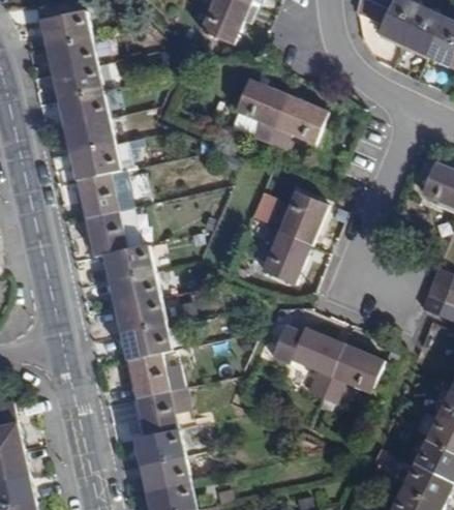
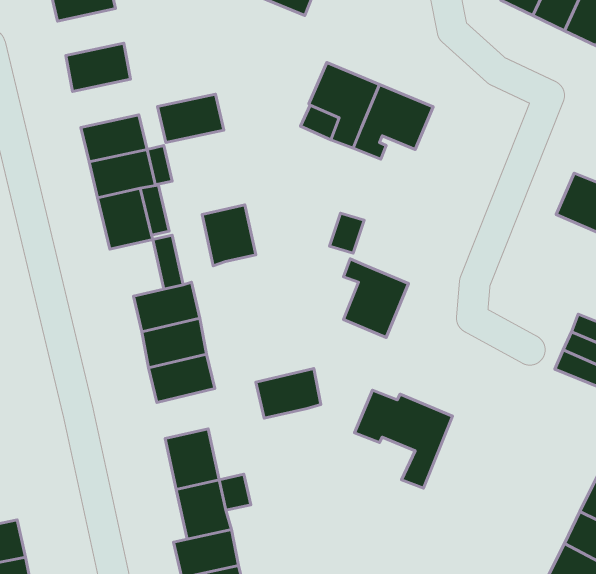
building: [47,38,96,73] -> none
building: [58,91,108,127] -> [158,94,224,143]
building: [277,191,326,244] -> none
building: [86,211,126,257] -> [202,205,256,266]
building: [121,323,170,360] -> [256,368,321,418]
building: [321,343,383,403] -> none

